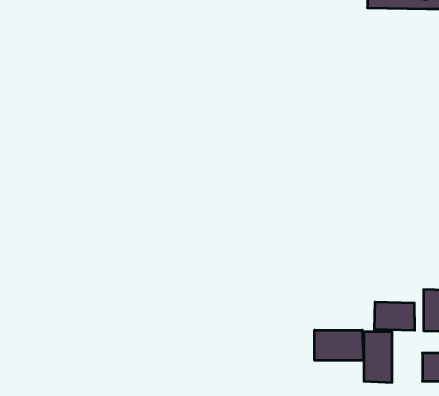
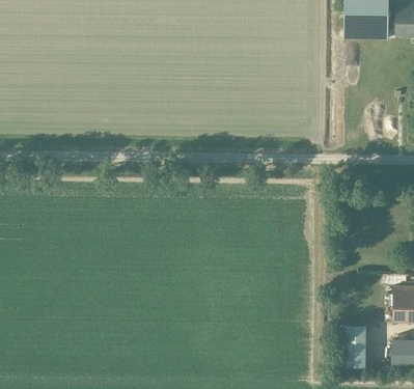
building: [374,302,415,330] -> none
building: [315,330,363,360] -> none

